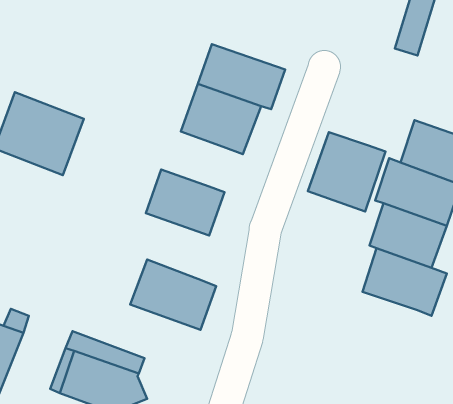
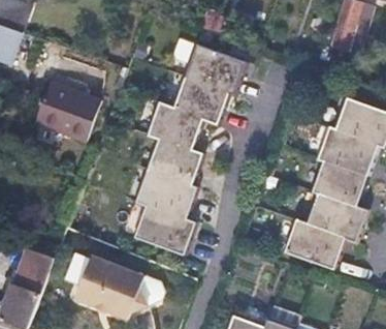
building: none -> [147,102,203,149]
building: [308,132,385,212] -> none
building: none -> [136,169,199,218]
building: none -> [284,221,346,271]

